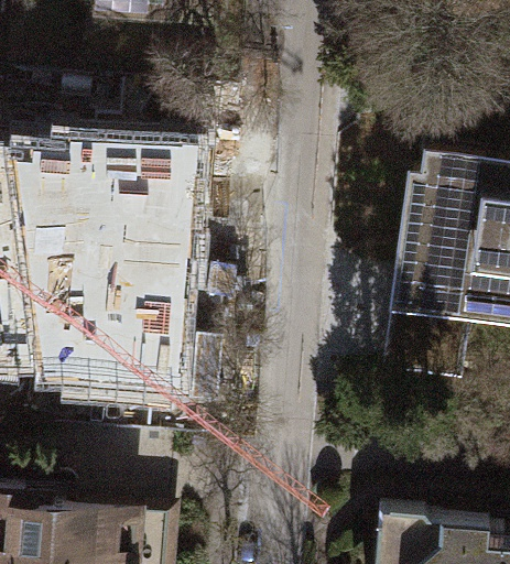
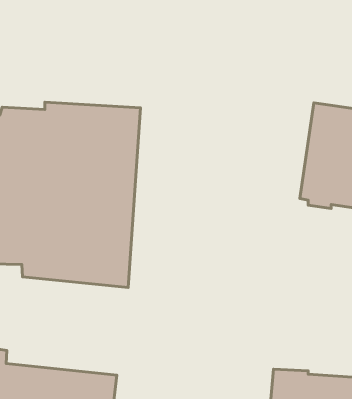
building: [383,276,470,379] -> none

